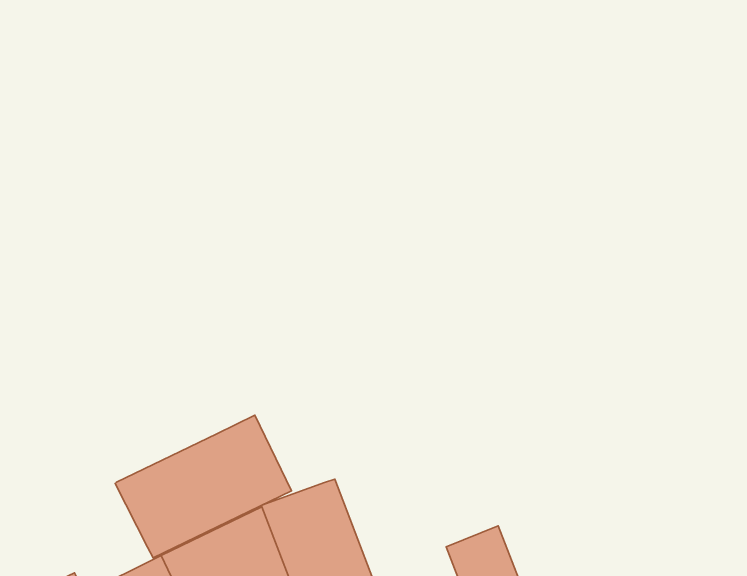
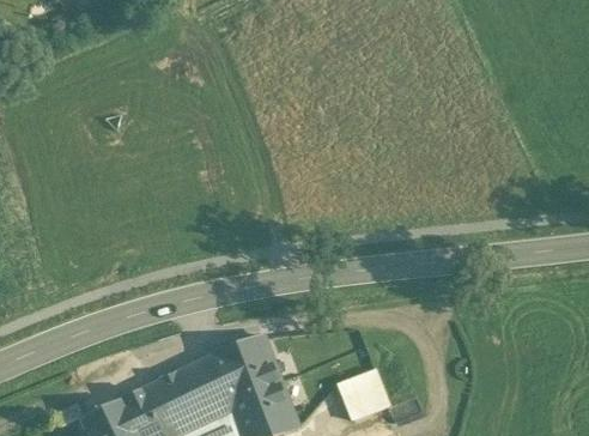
building: [115,415,292,558] -> none

